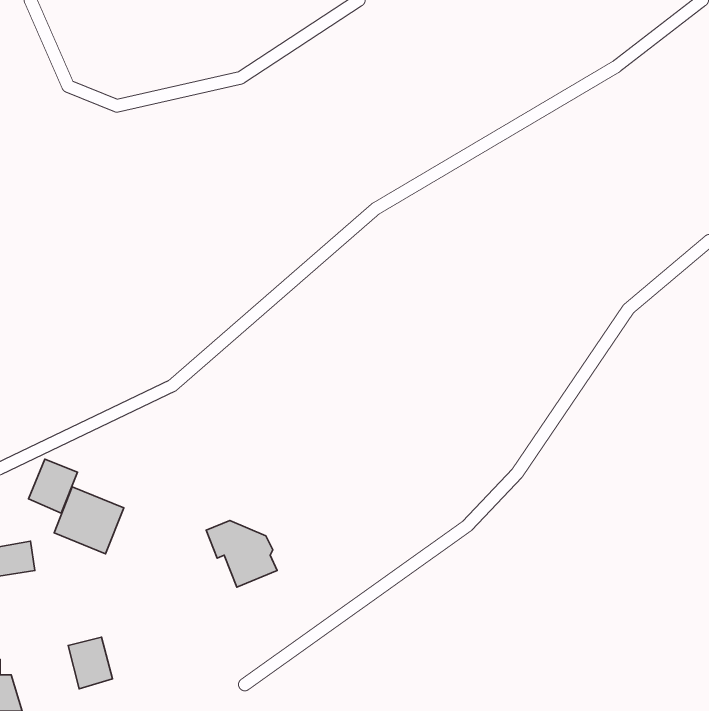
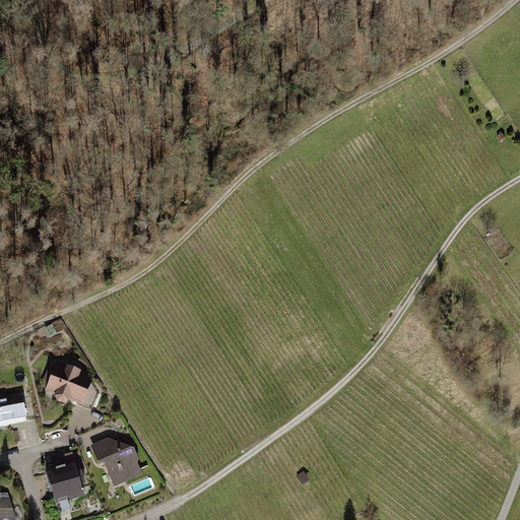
building: [28,459,78,513] -> none
building: [206,521,277,587] -> [90,438,142,486]

